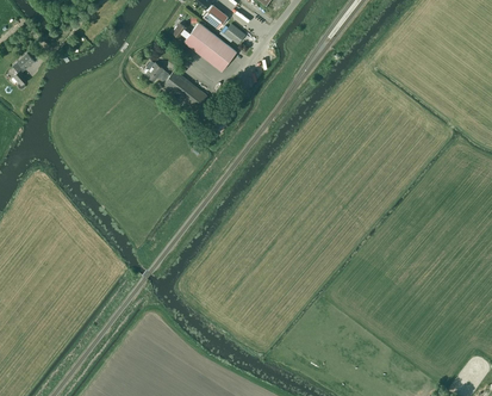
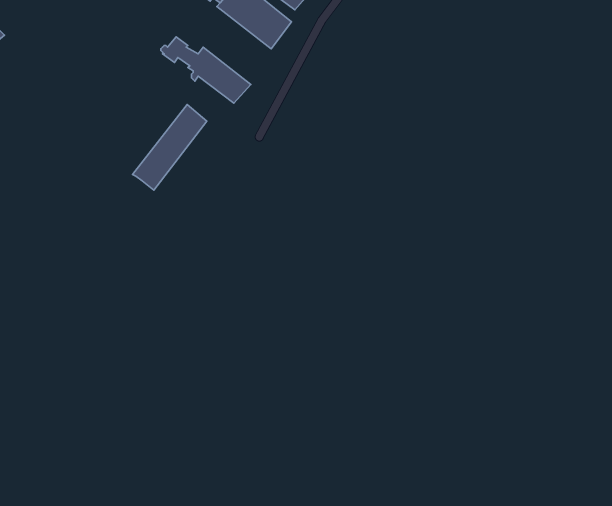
building: none -> [132,105,207,190]

